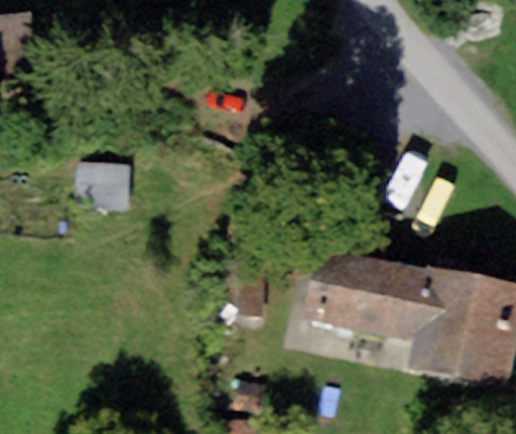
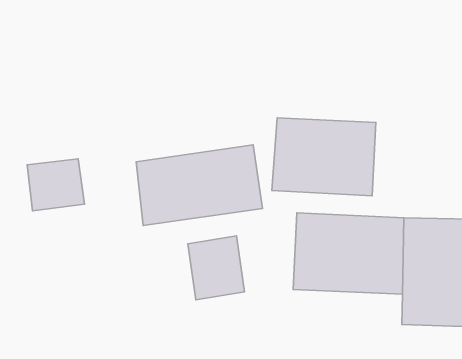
building: none -> [272,118,376,196]
building: none -> [136,145,263,226]

